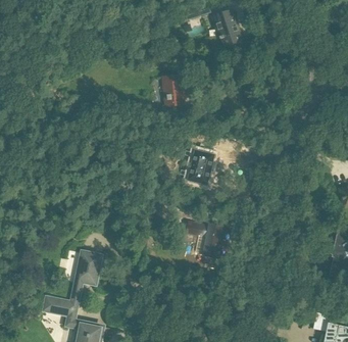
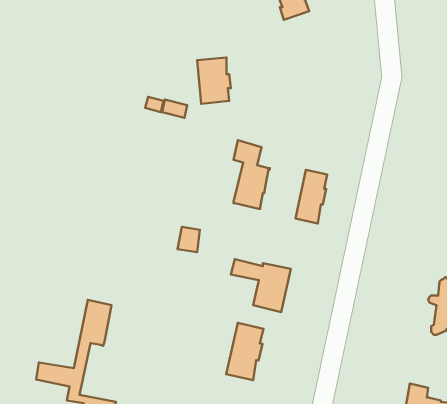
building: none -> [295,170,327,223]
building: none -> [226,323,263,380]

